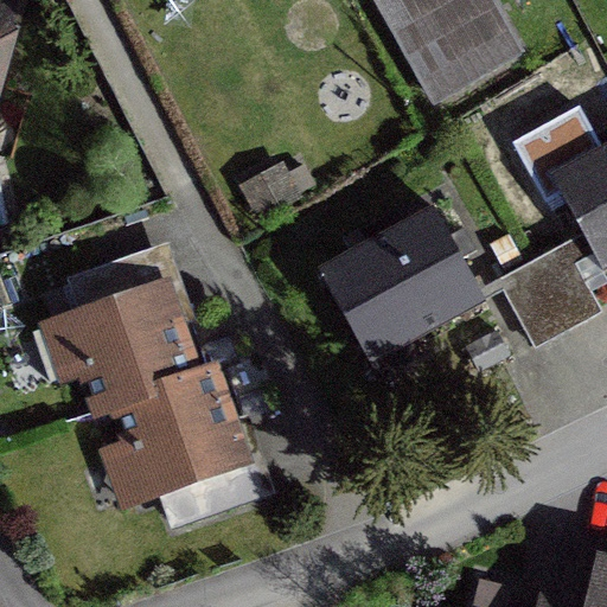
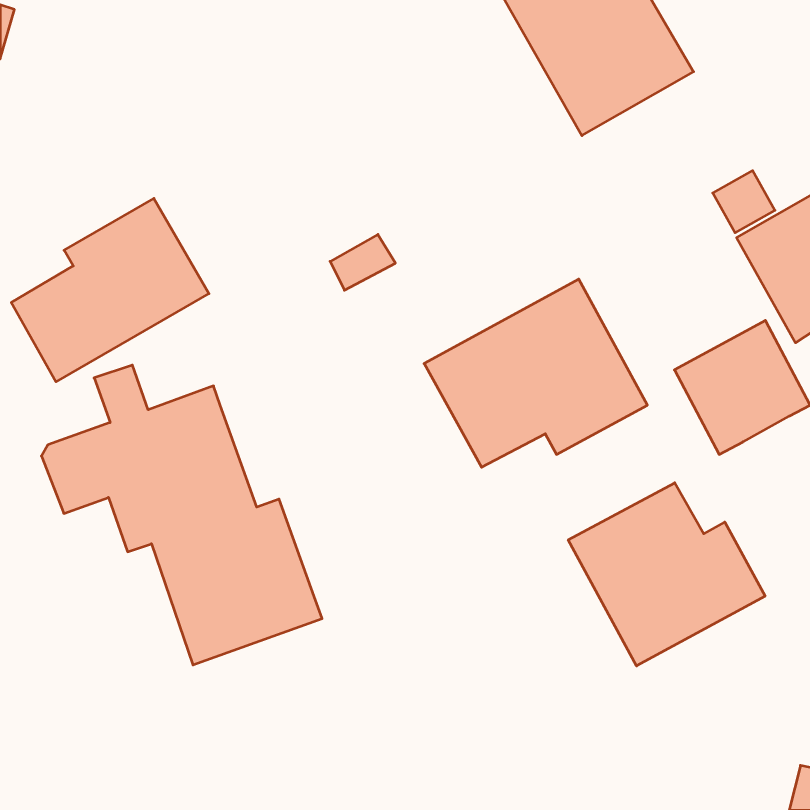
building: none -> [11,198,209,382]
building: none -> [568,483,765,666]

